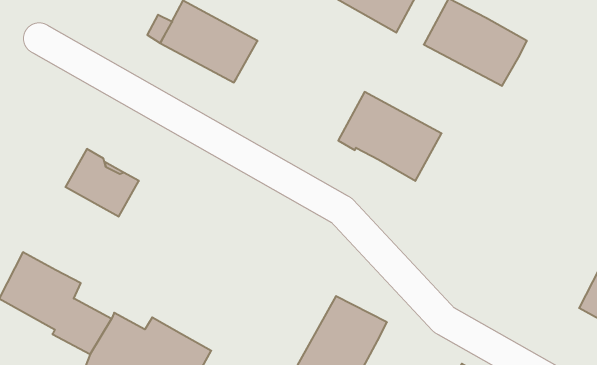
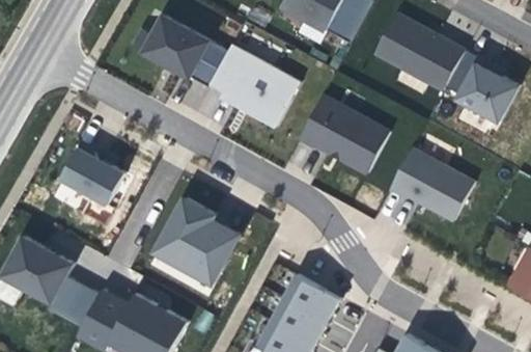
building: none -> [209,45,300,127]
building: none -> [444,51,518,123]
building: none -> [389,148,473,220]
building: none -> [156,197,240,282]

